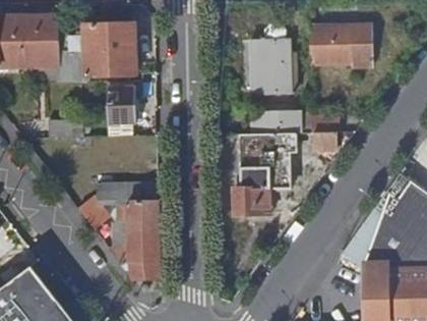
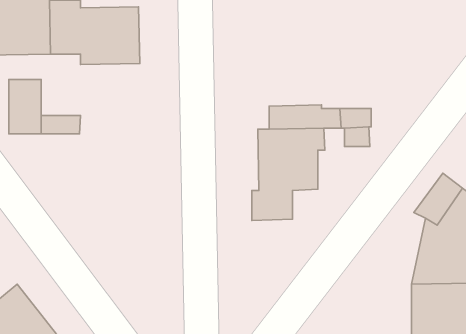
building: [253,23,290,93] -> none
building: [310,23,377,61] -> none
building: [106,88,134,136] -> [9,80,41,134]
building: [78,183,159,278] -> none

